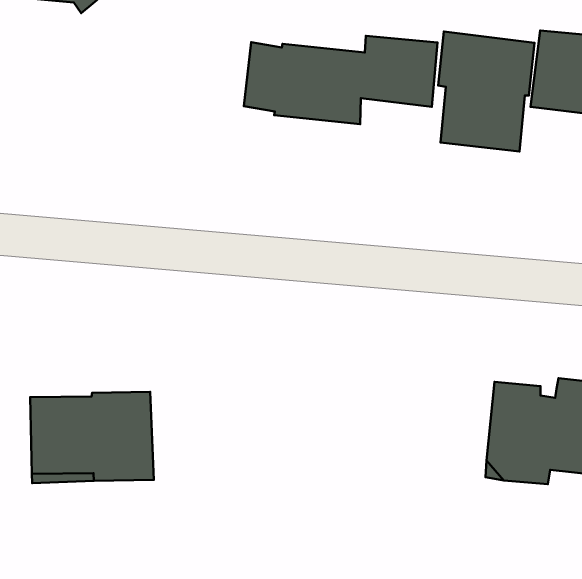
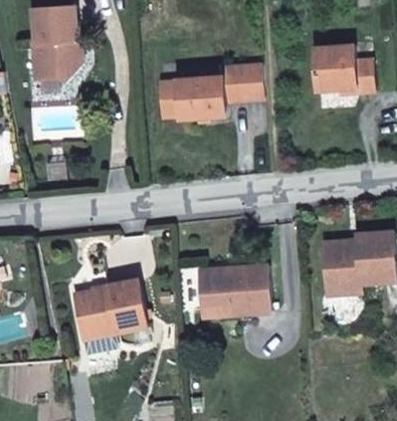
building: [438,31,534,151] -> none
building: none -> [198,264,270,317]

